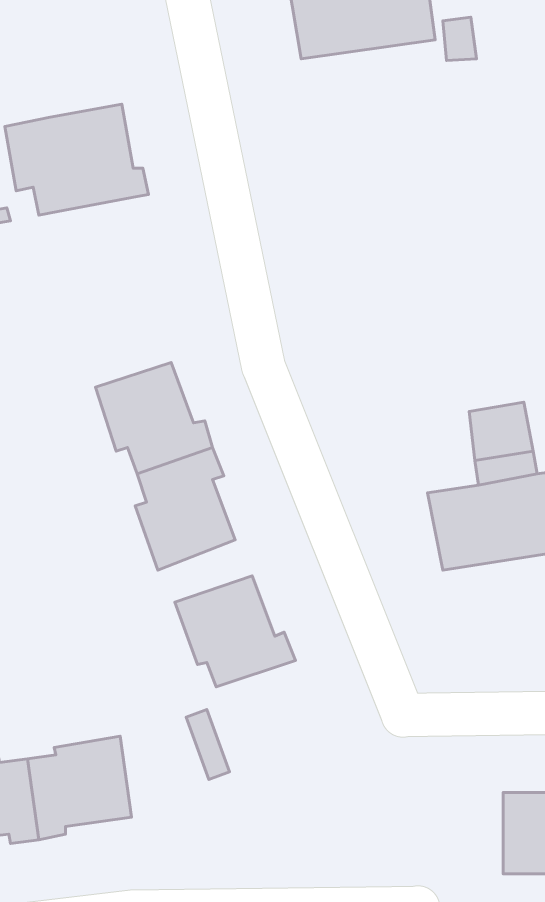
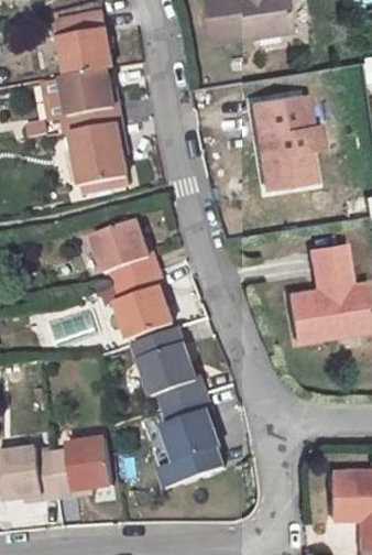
building: none -> [55,12,112,76]
building: none -> [251,94,321,189]
building: none -> [69,122,125,185]
building: none -> [158,393,222,487]

